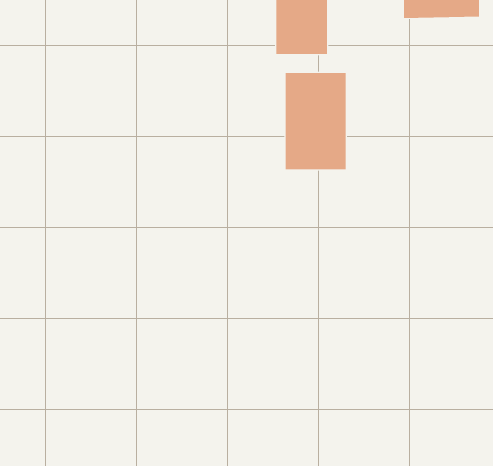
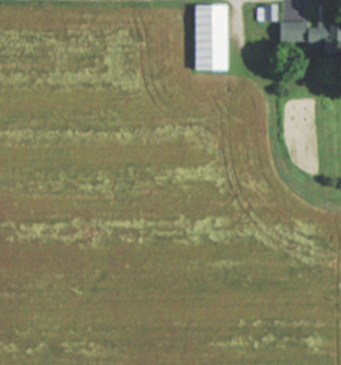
building: [285,72,346,170] -> none

